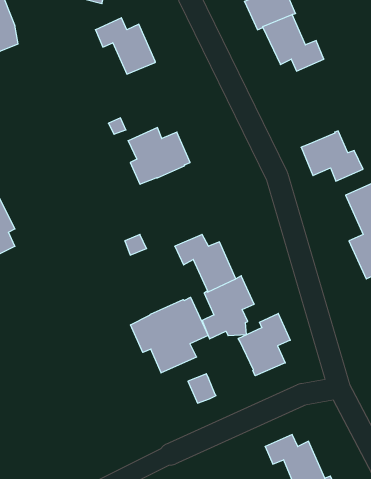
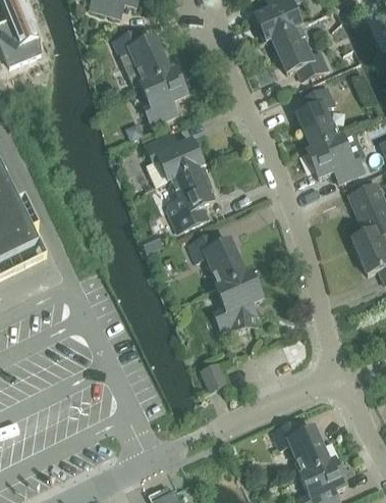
building: none -> [140,67,187,123]
building: none -> [296,86,338,148]
building: none -> [167,164,213,231]
building: [131,297,208,373] -> none
building: [238,313,290,376] -> none

